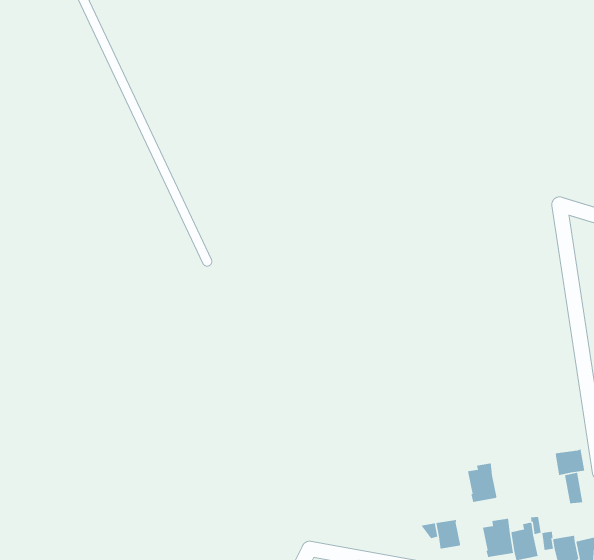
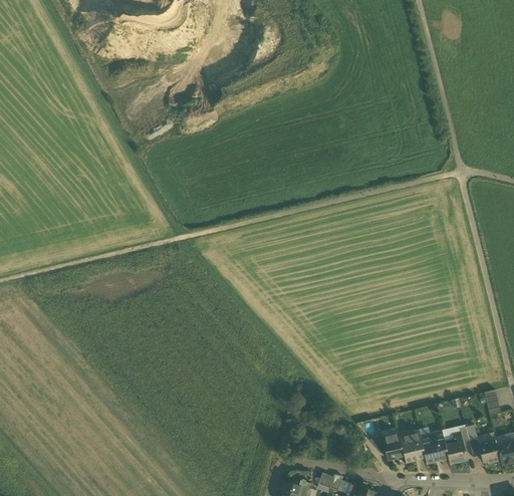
building: [555,448,585,476] -> none
building: [467,463,498,503] -> [400,428,426,461]

